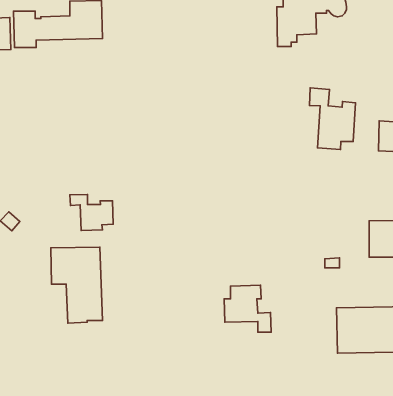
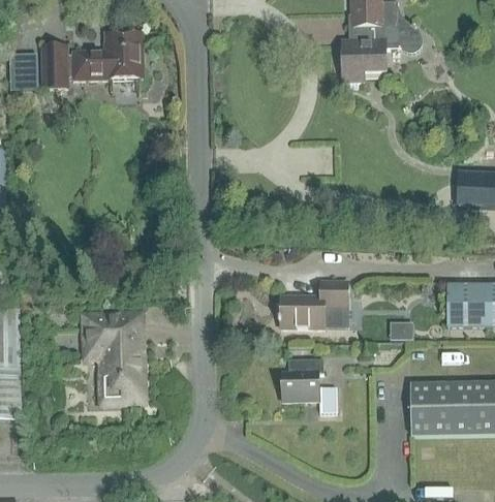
building: [309,88,356,150] -> none
building: [70,194,113,231] -> none
building: none -> [278,281,347,327]

